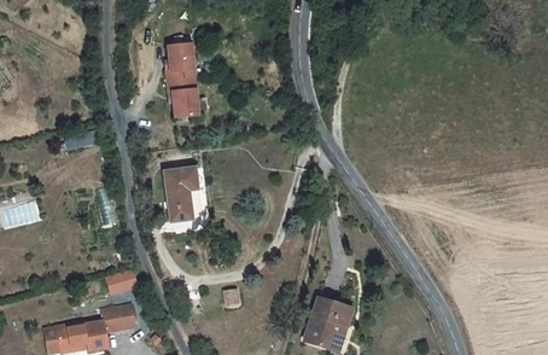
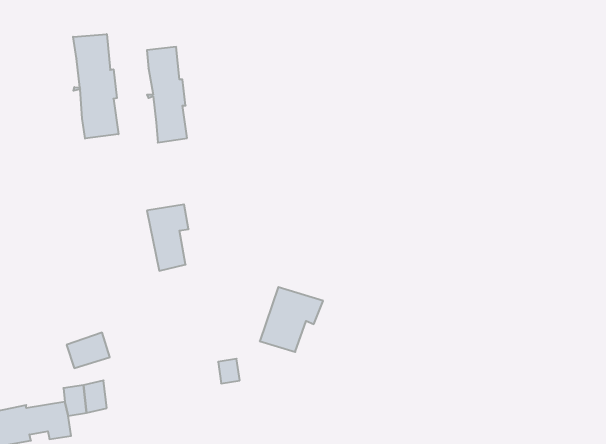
building: none -> [73,34,118,139]
building: [301,296,350,347] -> [260,287,323,352]

